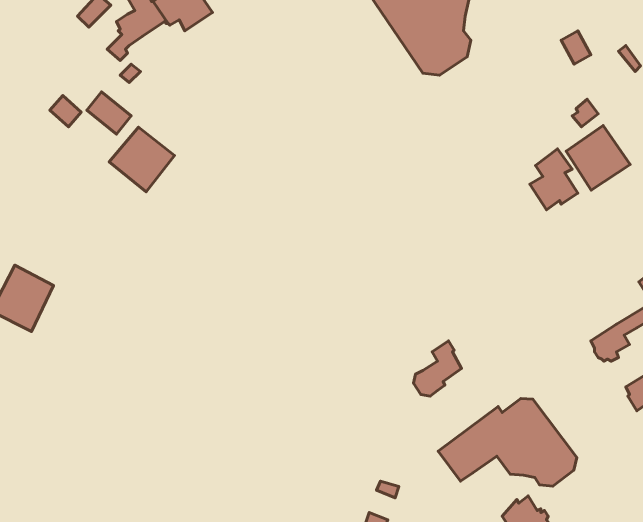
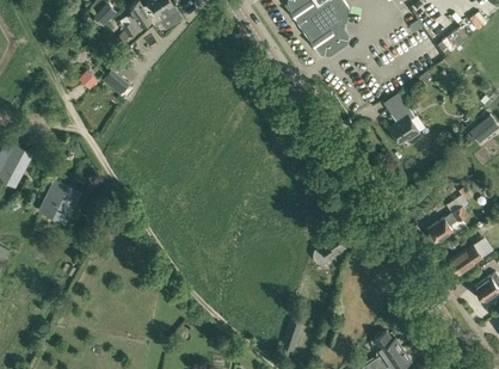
building: [566,125,630,190] -> none
building: [109,127,175,192] -> none
building: [438,399,577,486] -> none

